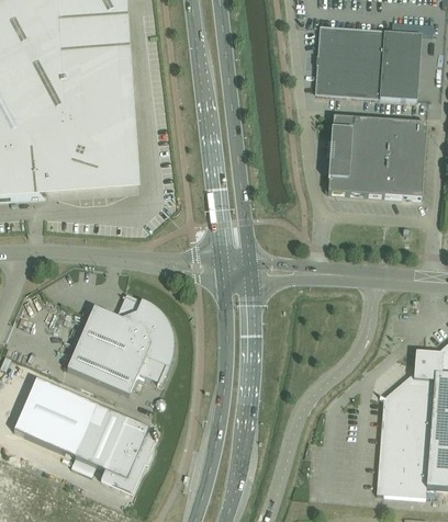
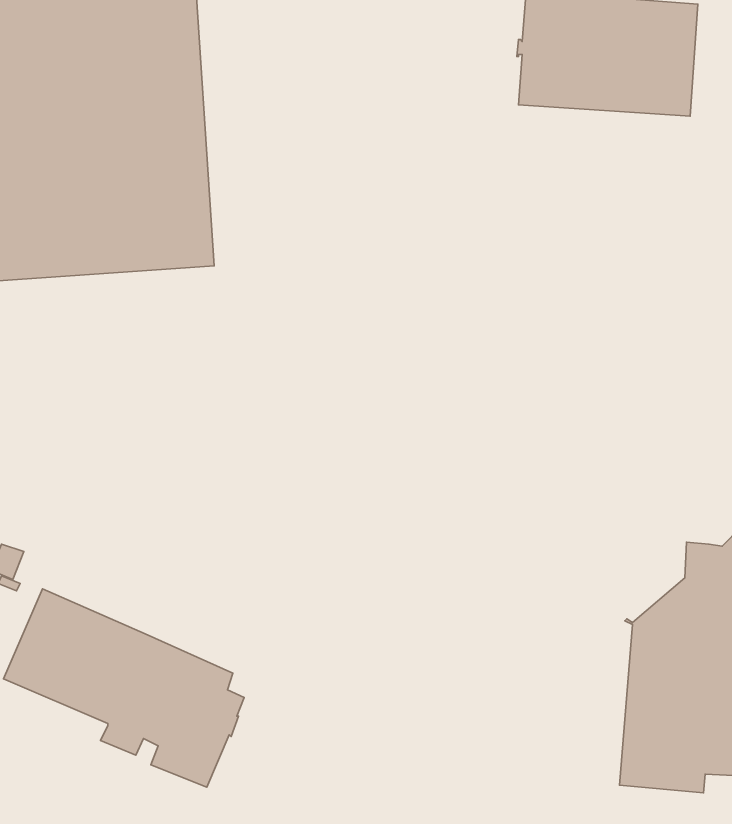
building: [327,115,426,197] -> none
building: [67,295,170,395] -> none

